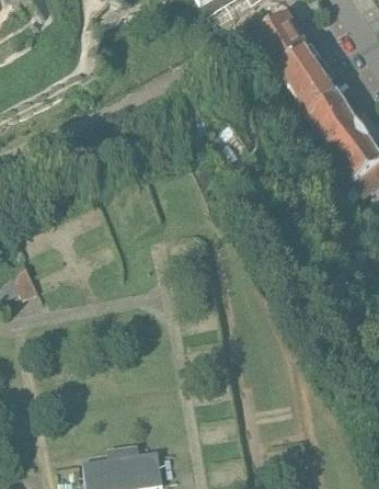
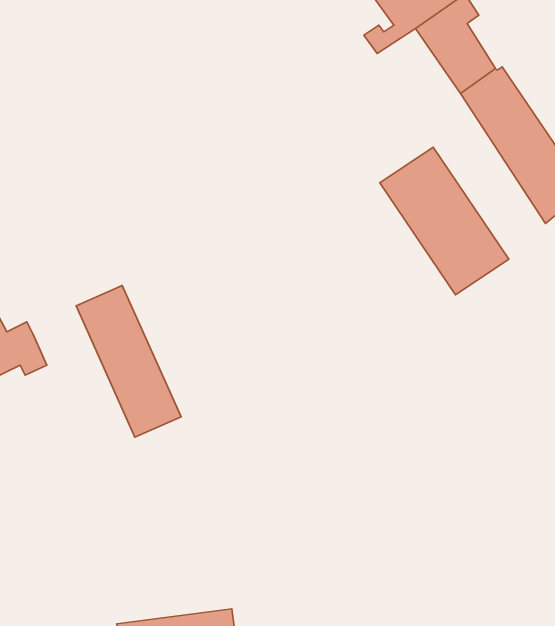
building: none -> [380,147,509,295]
building: none -> [76,285,181,437]

